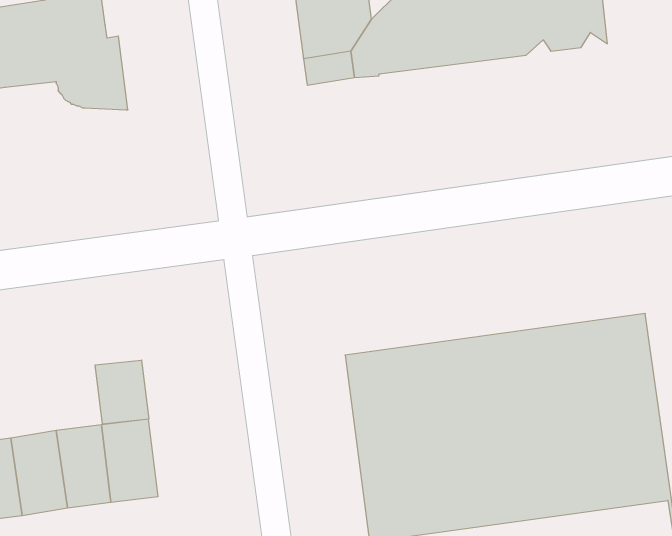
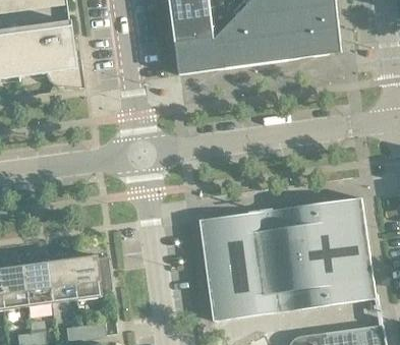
building: [95,360,149,424] -> none

